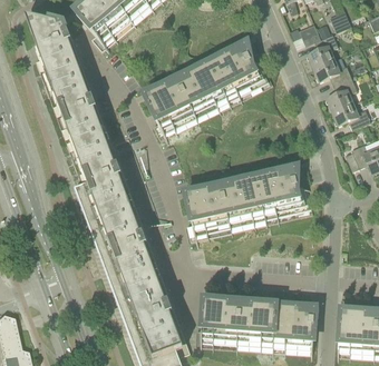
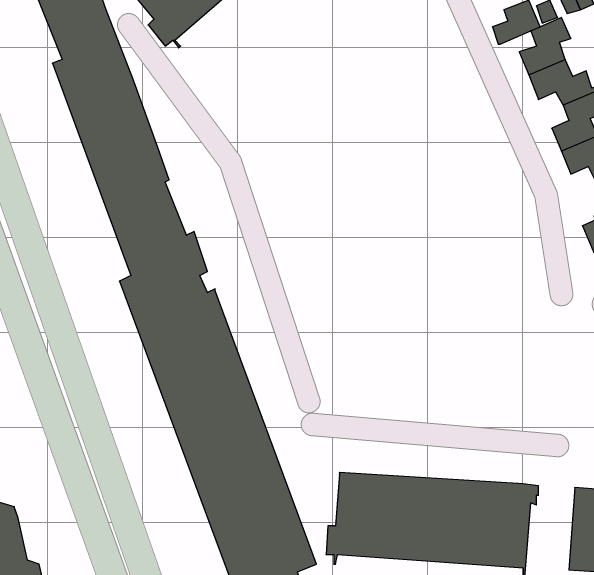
building: [143,41,272,141] -> none
building: [184,165,312,244] -> none

